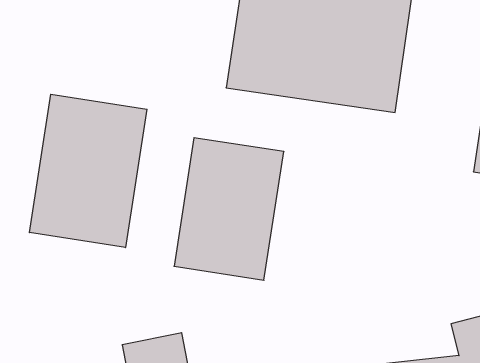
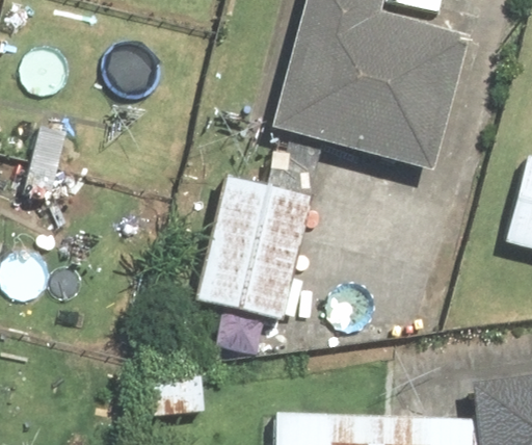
building: [29,94,147,248] -> none

